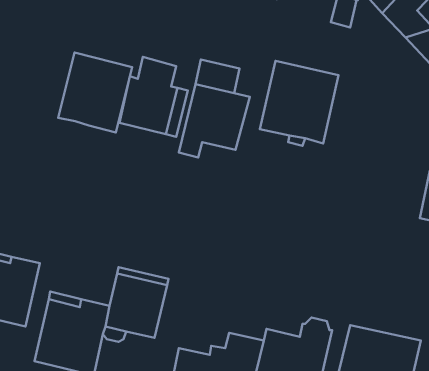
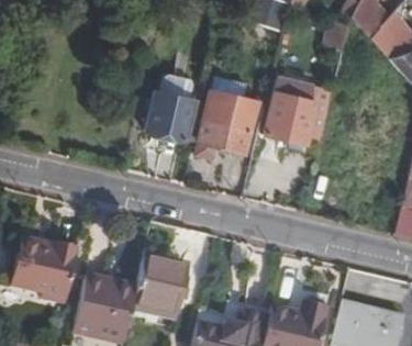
building: [58,53,132,132] -> none

